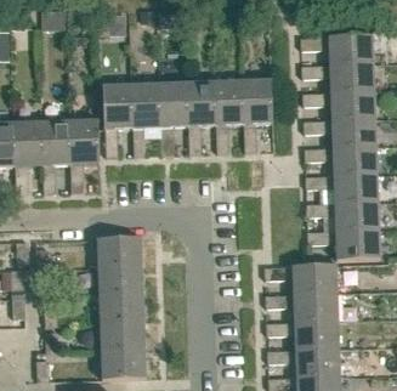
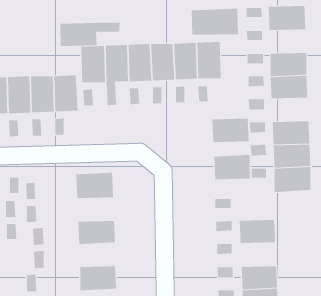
building: none -> [191,8,239,36]
building: none -> [60,22,120,47]
building: [329,63,375,92] -> none
building: [331,146,378,175] -> [211,118,250,142]
building: [291,263,336,294] -> [213,155,251,180]
building: [97,266,143,295] -> none
building: [100,321,144,350] -> none
building: [294,321,339,350] -> none

